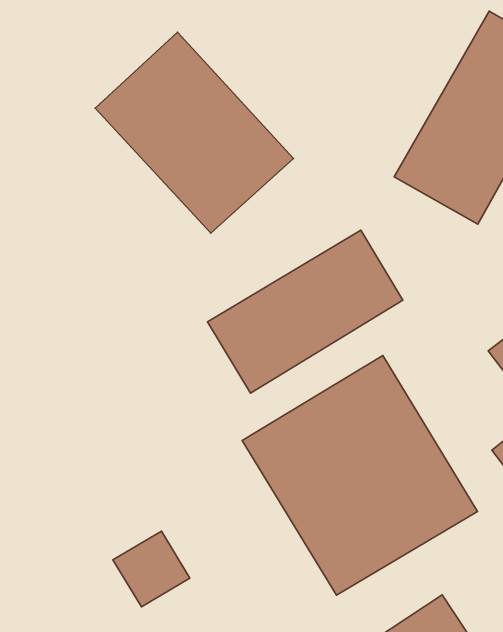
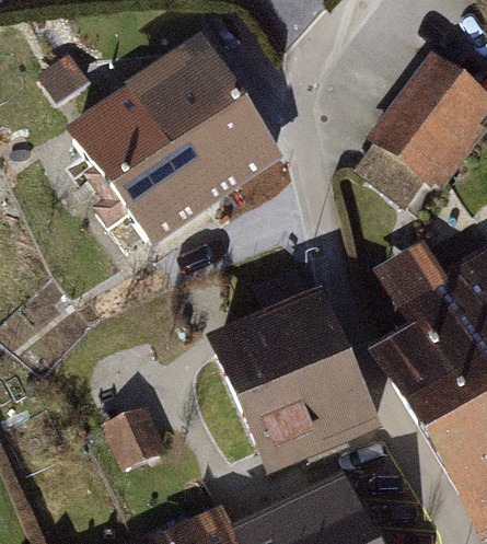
building: none -> [74,89,210,236]
building: [207,230,403,393] -> none

